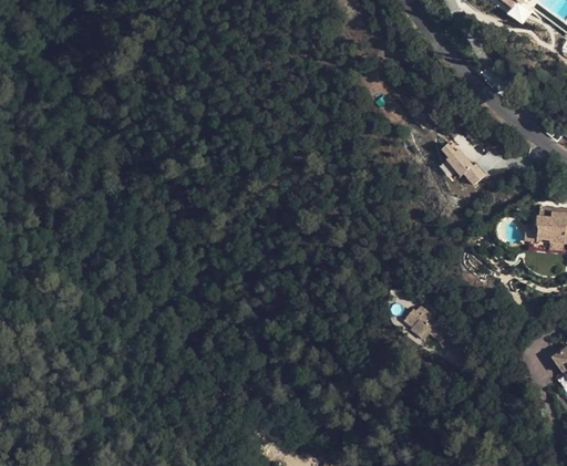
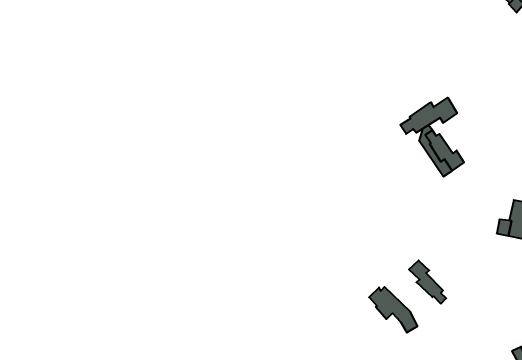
building: none -> [400,98,457,134]
building: none -> [409,260,446,304]

